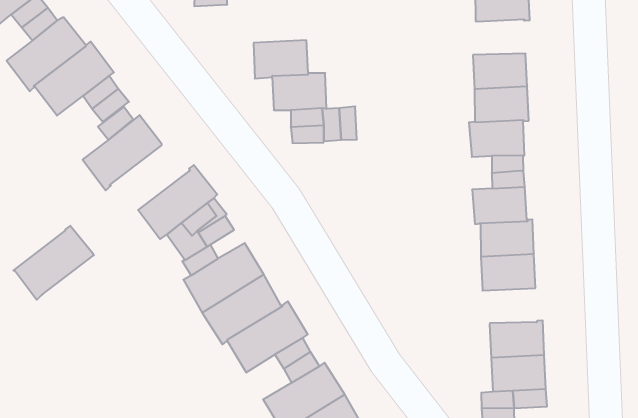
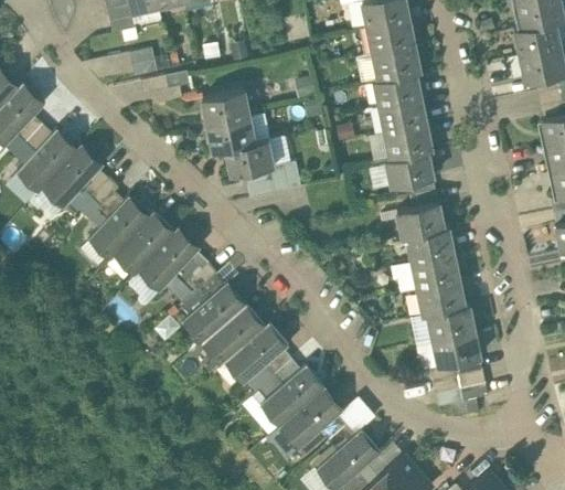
building: none -> [202,92,248,127]
building: none -> [374,74,420,108]
building: [13,226,94,300] -> [114,214,174,276]
building: none -> [417,281,463,317]

